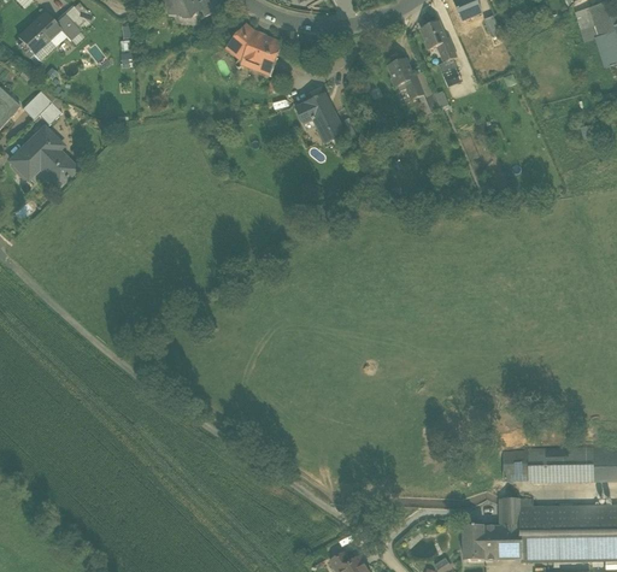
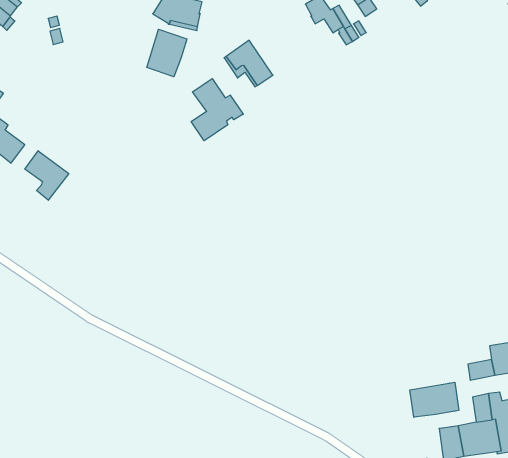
building: none -> [147,29,187,77]
building: none -> [191,79,243,141]
building: none -> [25,151,69,200]
building: none -> [410,382,459,417]

